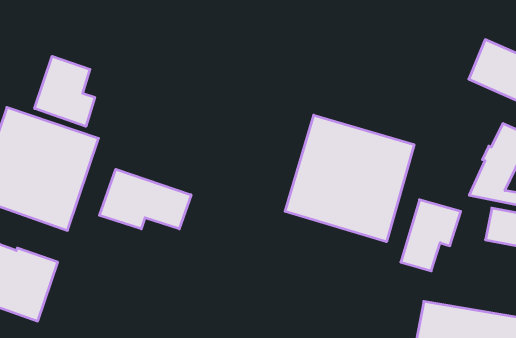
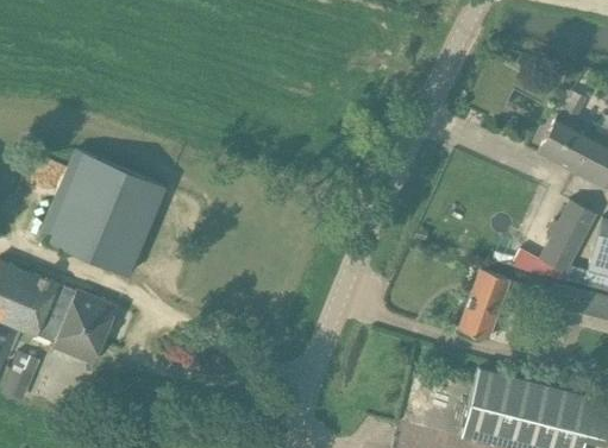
building: [35,56,95,126] -> none
building: [285,115,414,242] -> none
building: [99,169,191,229] -> none

